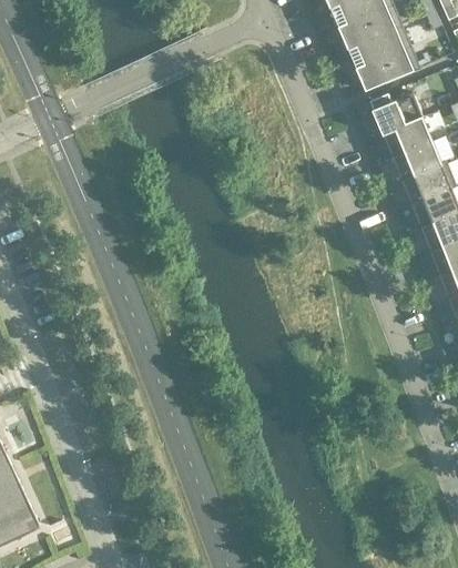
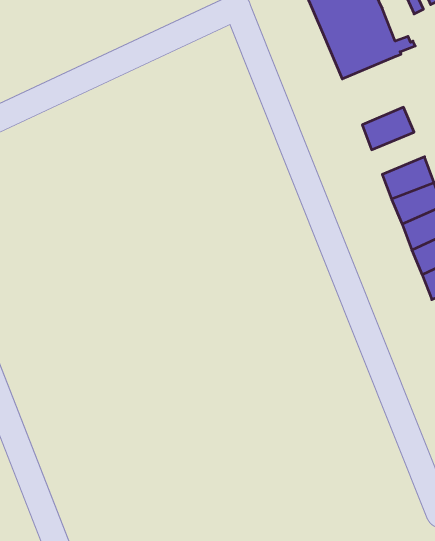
building: [369,93,423,134] -> none
building: [393,141,442,181] -> none

